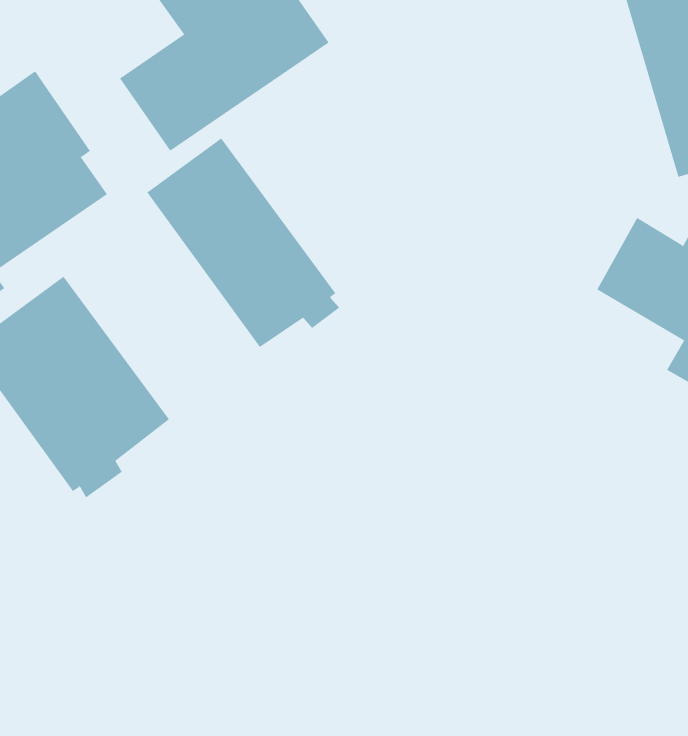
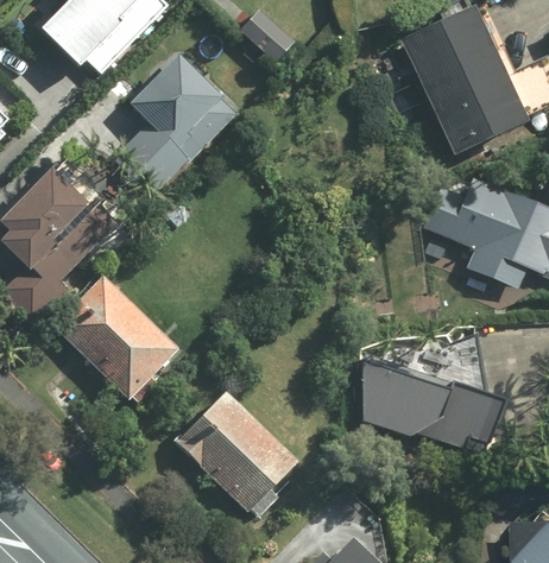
building: [147,138,340,348] -> none
building: none -> [365,360,494,451]
building: none -> [175,388,301,513]

